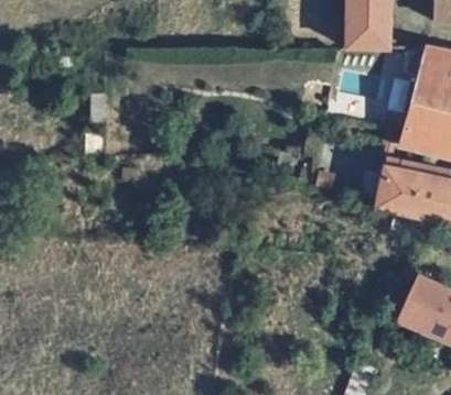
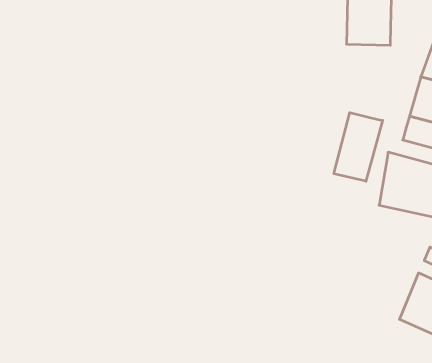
building: none -> [334,113,383,181]

